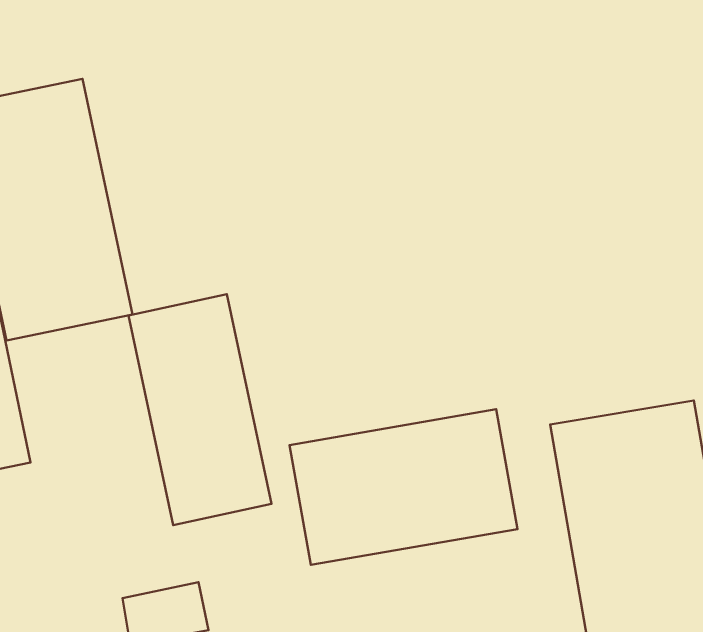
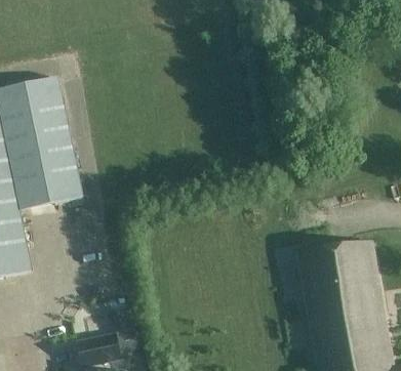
building: [129,294,271,525] -> none
building: [289,409,518,565] -> none

